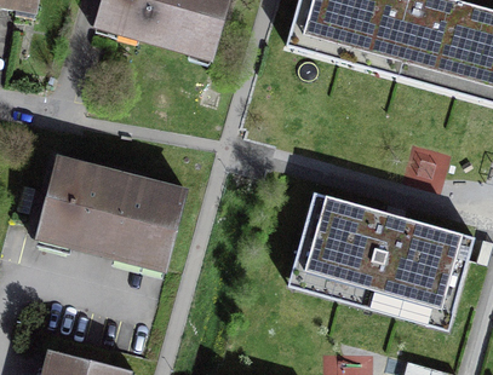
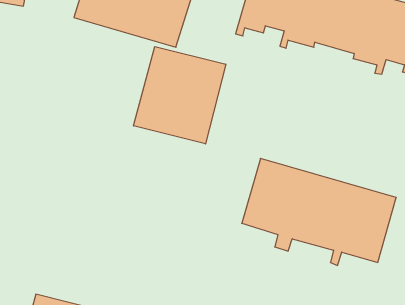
building: none -> [134,47,226,144]
building: [36,160,184,270] -> none

